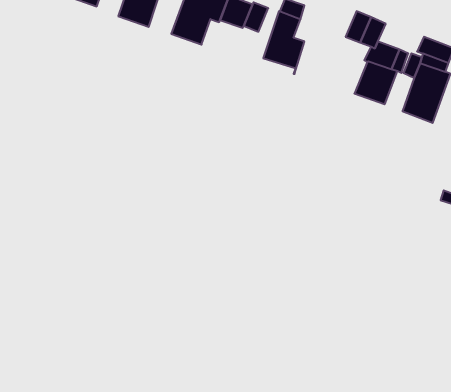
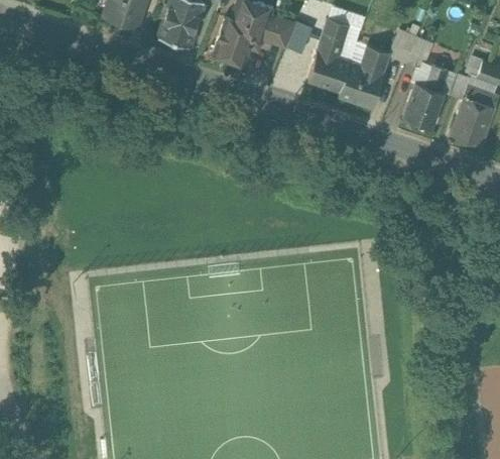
building: none -> [339,46,388,108]

